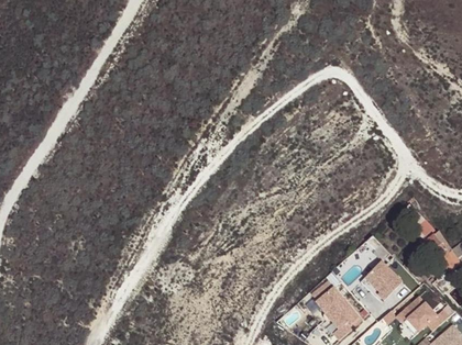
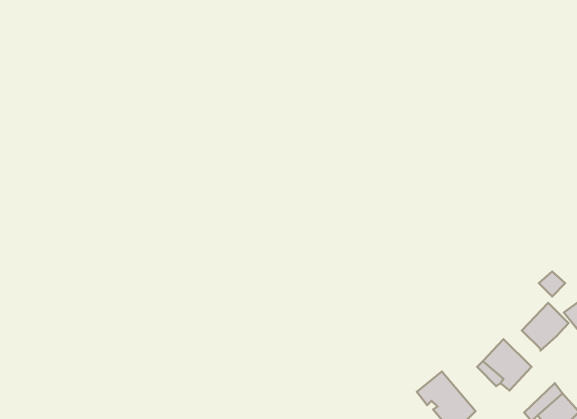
building: none -> [522,303,569,351]

